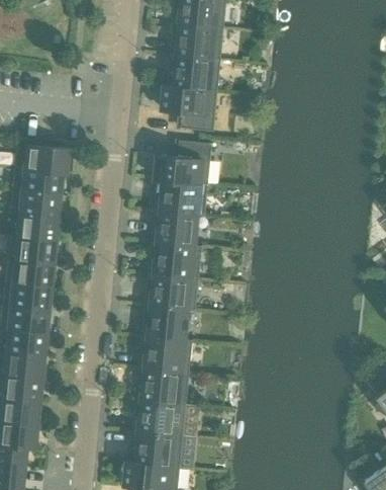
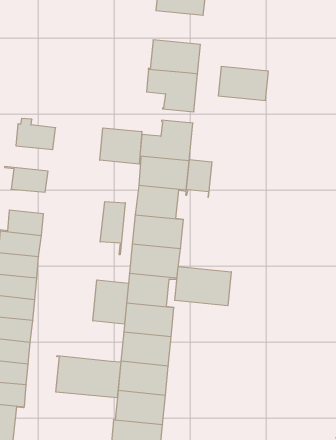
building: [172,23,225,60] -> [218,67,268,101]
building: none -> [100,128,142,164]
building: [13,167,65,195] -> none
building: none -> [186,160,212,197]
building: [18,215,57,241] -> none
building: none -> [100,202,125,255]
building: none -> [175,266,231,306]
building: none -> [93,280,129,324]
building: none -> [56,356,121,398]

